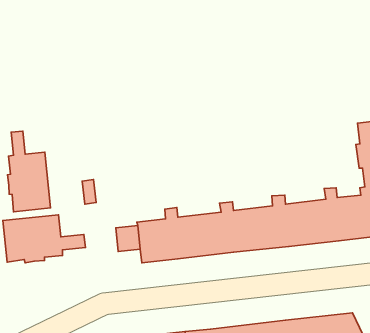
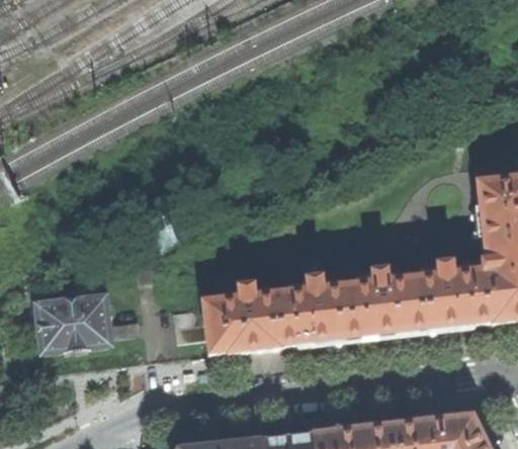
building: [8,131,51,212] -> none

